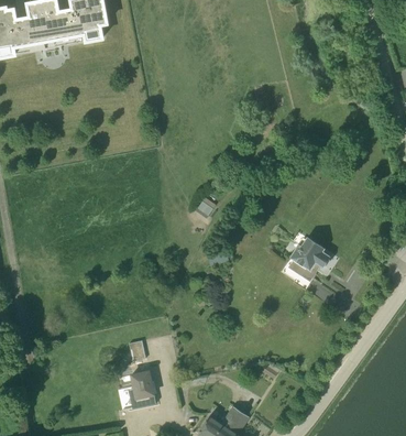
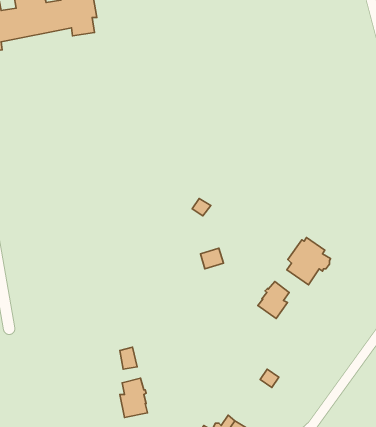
building: none -> [258,281,289,318]

